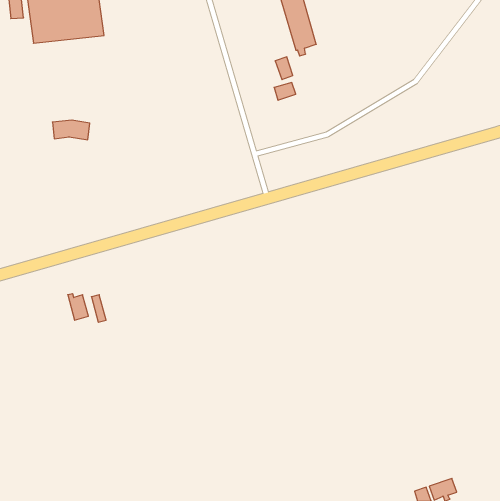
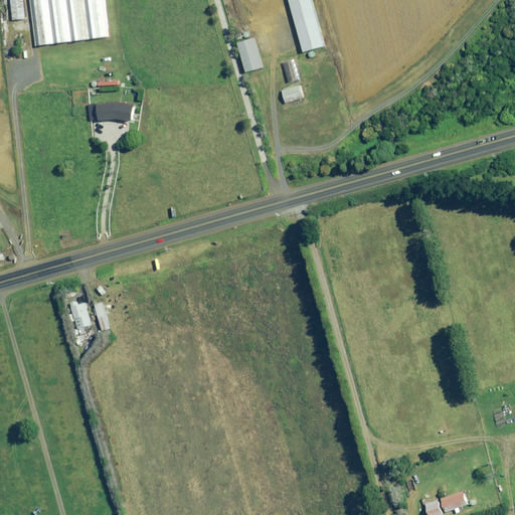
building: none -> [237,36,264,71]
building: [52,120,90,140] -> [97,101,135,121]

